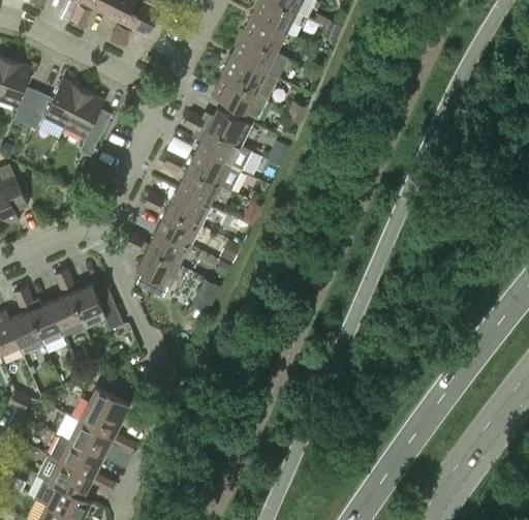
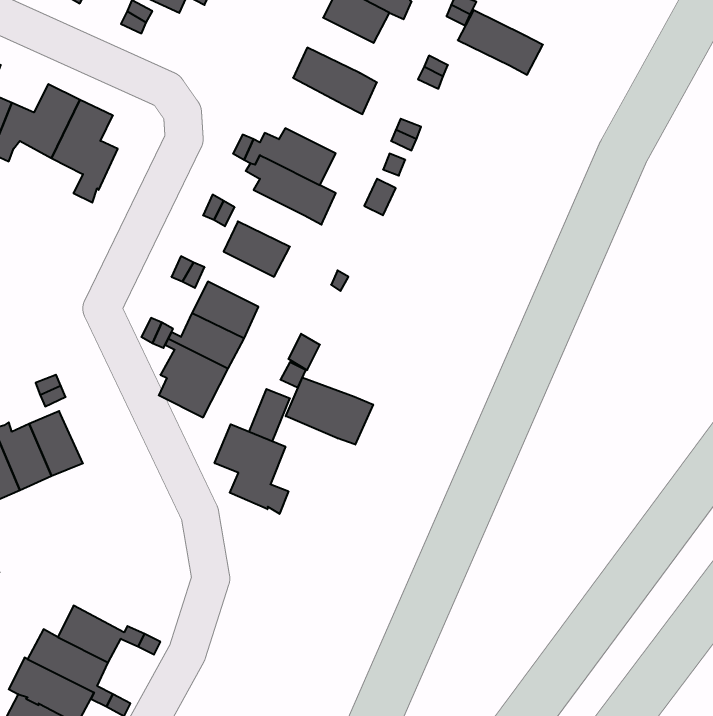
building: [231,36,287,79] -> [458,10,543,75]
building: [212,75,268,120] -> none
building: [186,149,241,191] -> none
building: [166,189,210,225] -> none
building: none -> [286,377,373,445]
building: [69,282,123,330] -> none
building: none -> [215,424,288,514]
building: [79,388,128,438] -> none

